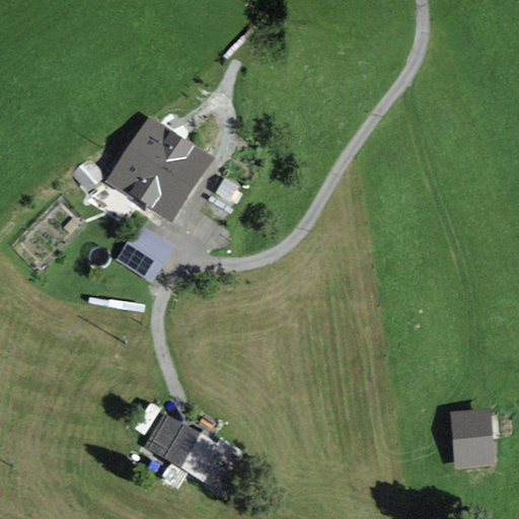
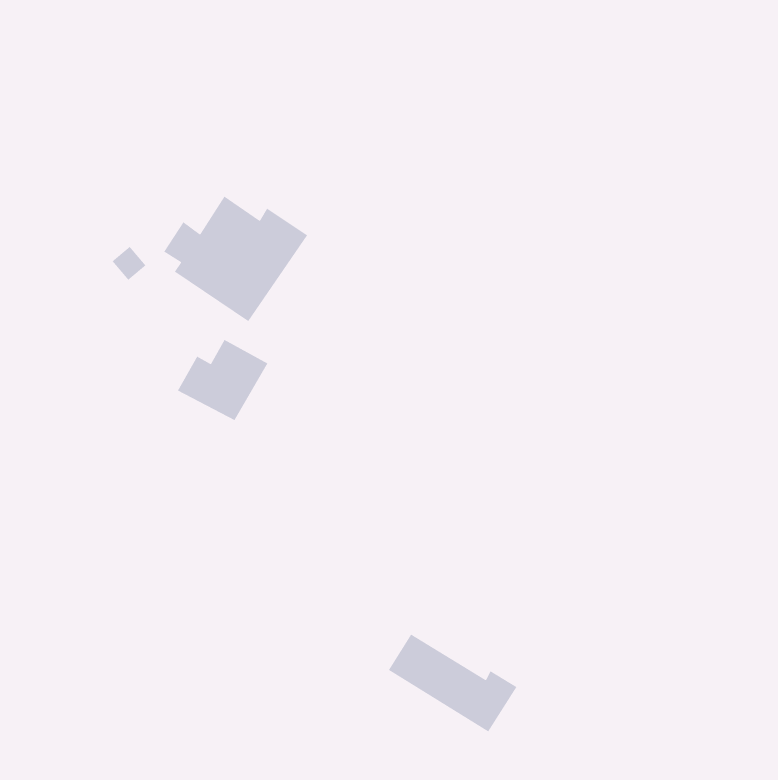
building: [454,418,487,464] -> none
building: [150,423,236,489] -> [388,633,518,733]

